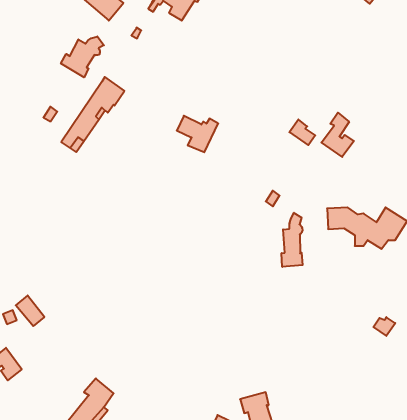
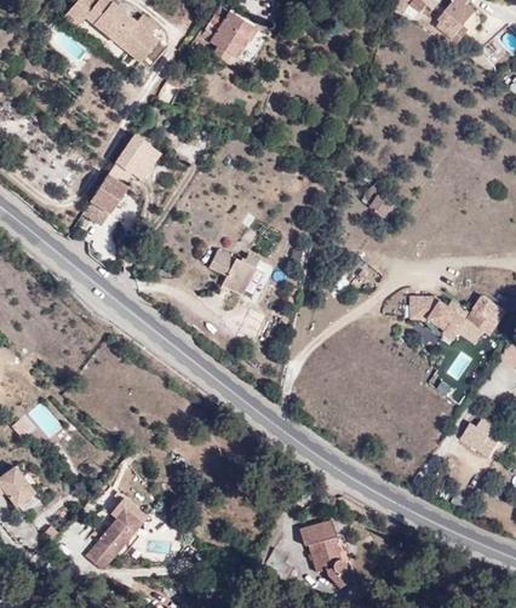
building: [61,36,104,77] -> none
building: [321,113,354,157] -> none
building: [177,116,218,152] -> [208,247,259,292]
building: [282,213,303,267] -> none

